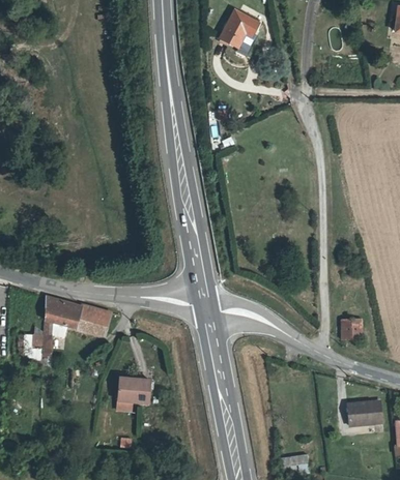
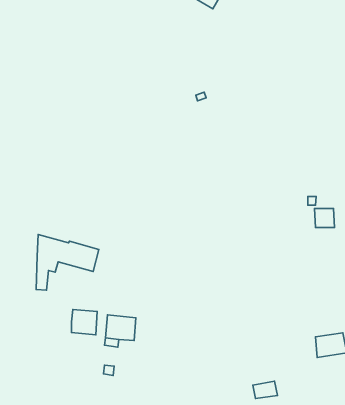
building: [339,318,361,338] -> [314,208,334,227]
building: none -> [71,309,97,335]

